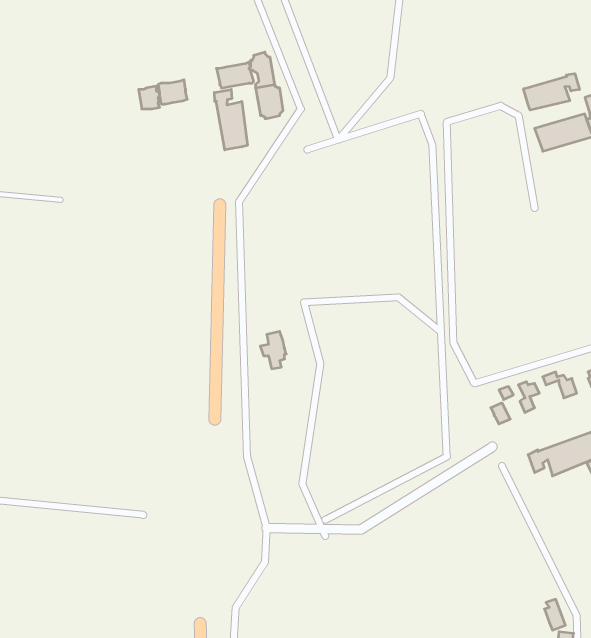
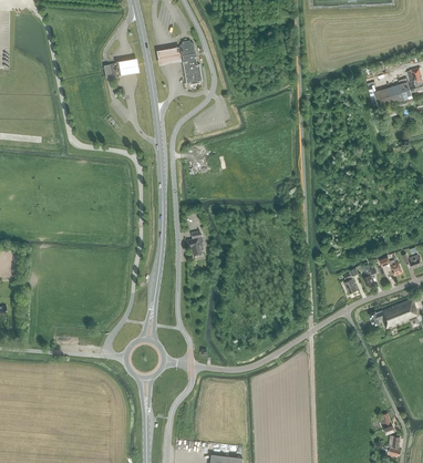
building: [524,74,579,110] -> none
building: [214,89,247,150] -> none

